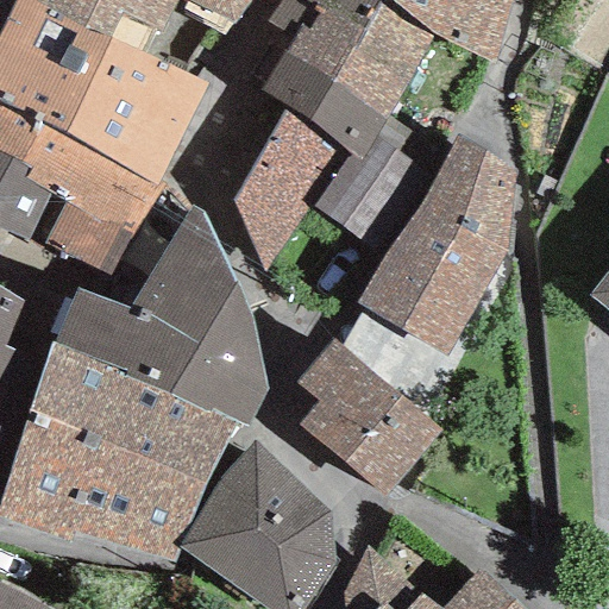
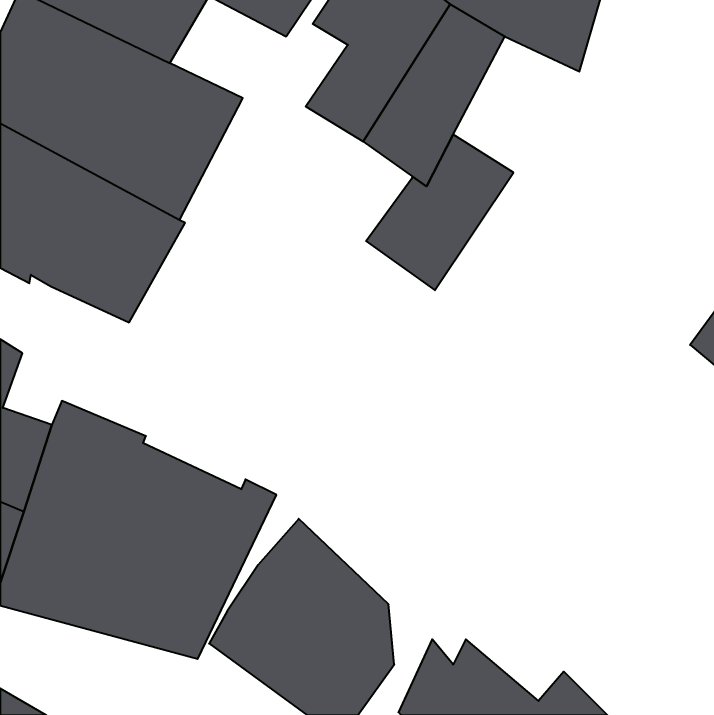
building: [232,107,351,270] -> none
building: [358,134,514,354] -> none
building: [55,206,268,426] -> none
building: [297,338,442,496] -> none

